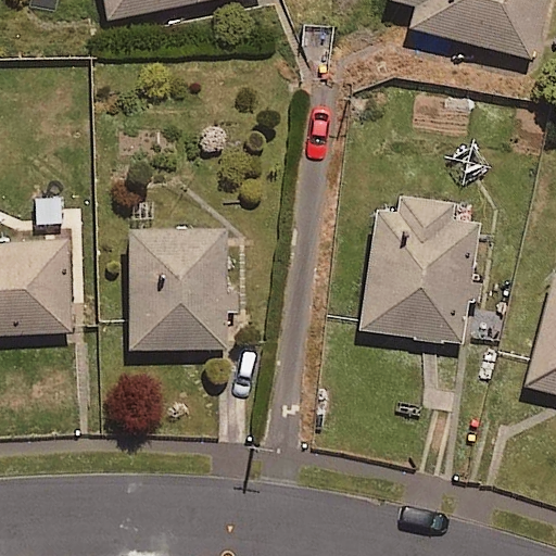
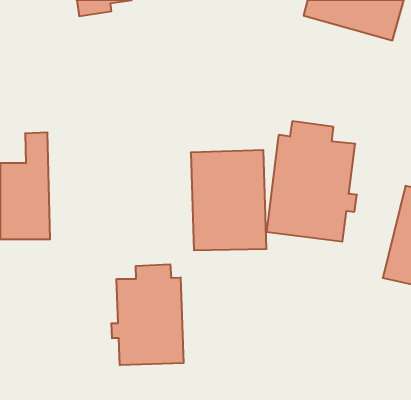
building: [129,216,231,351] -> [191,150,267,250]
building: none -> [111,264,183,365]

